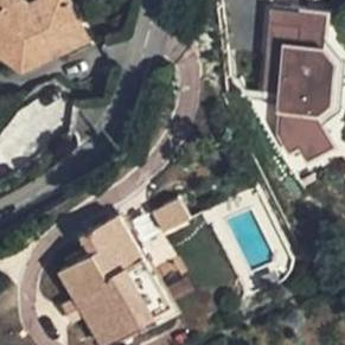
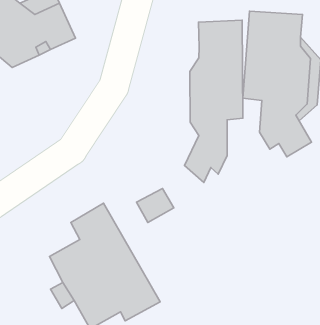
building: none -> [184,20,243,183]

